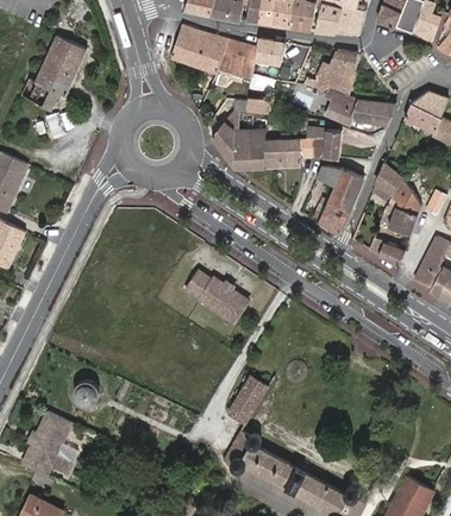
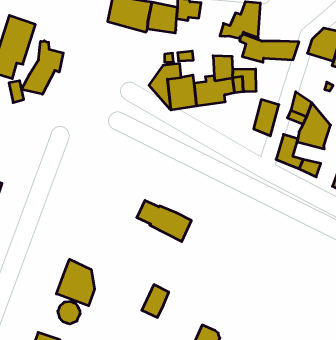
building: none -> [22,41,63,94]
building: [314,199,349,233] -> none
building: none -> [56,259,94,306]
building: [227,384,262,423] -> [142,285,169,317]

